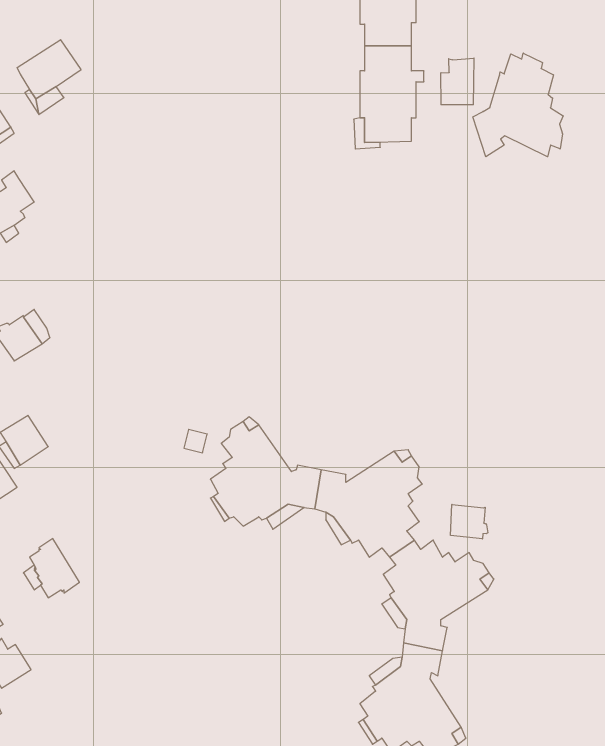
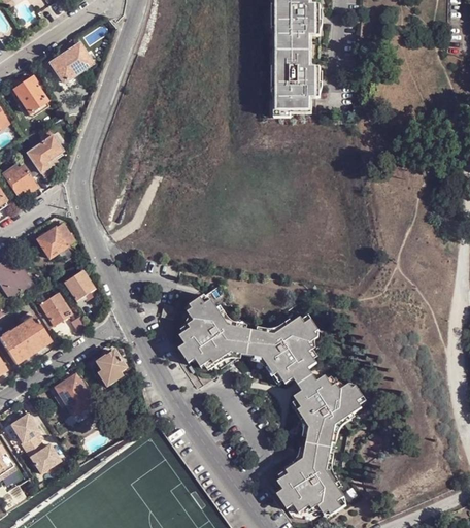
building: [473,53,563,157] -> none
building: [441,58,474,105] -> none
building: none -> [63,268,92,299]
building: none -> [96,350,125,384]
building: [451,504,488,539] -> none

